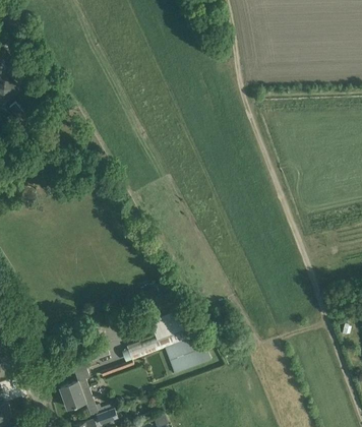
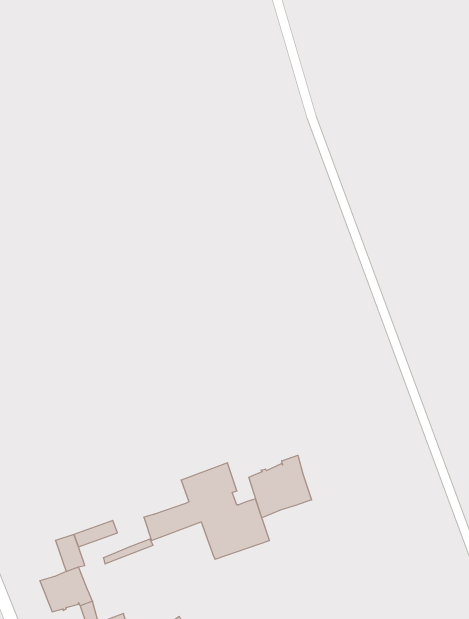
building: none -> [249,455,312,518]

